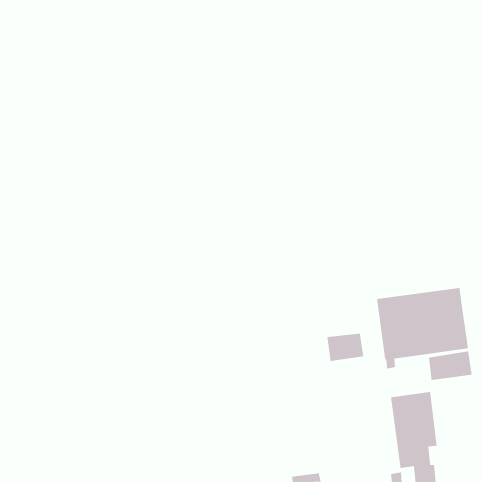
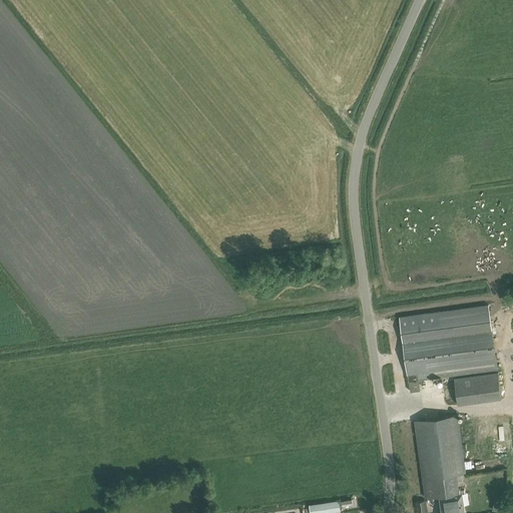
building: [327,333,364,362] -> none

